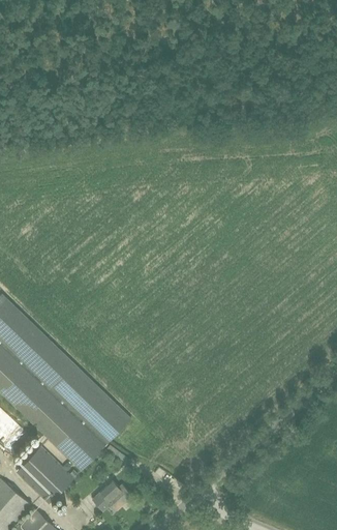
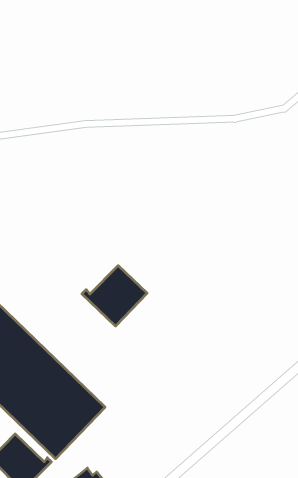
building: none -> [82,266,147,326]

